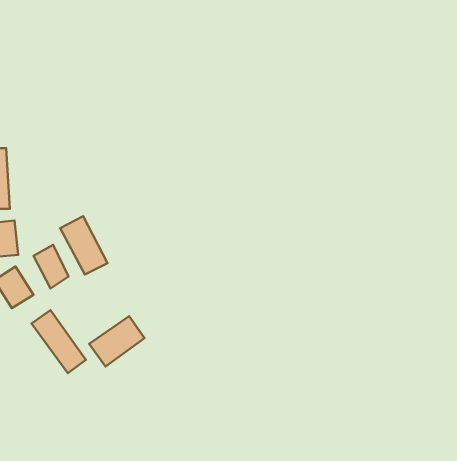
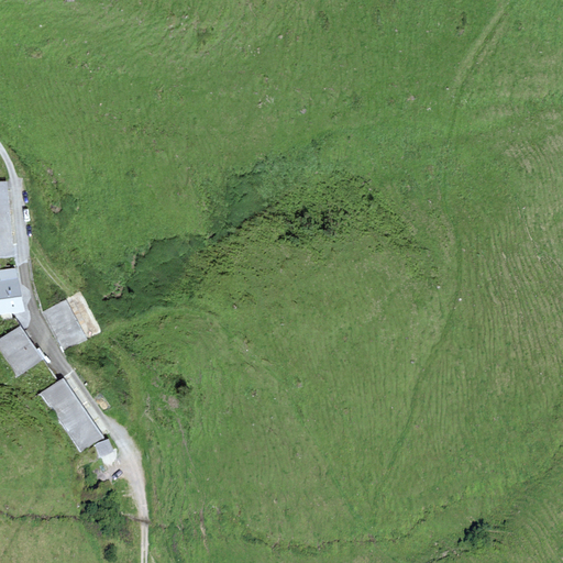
building: [60,216,107,275] -> none
building: [89,316,145,367] -> none

